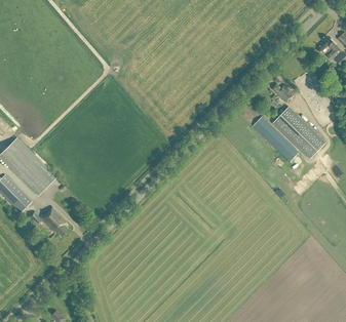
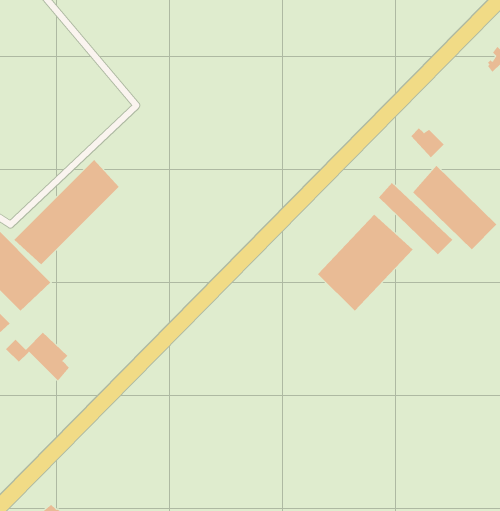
building: none -> [14,159,120,265]
building: none -> [317,214,414,312]

